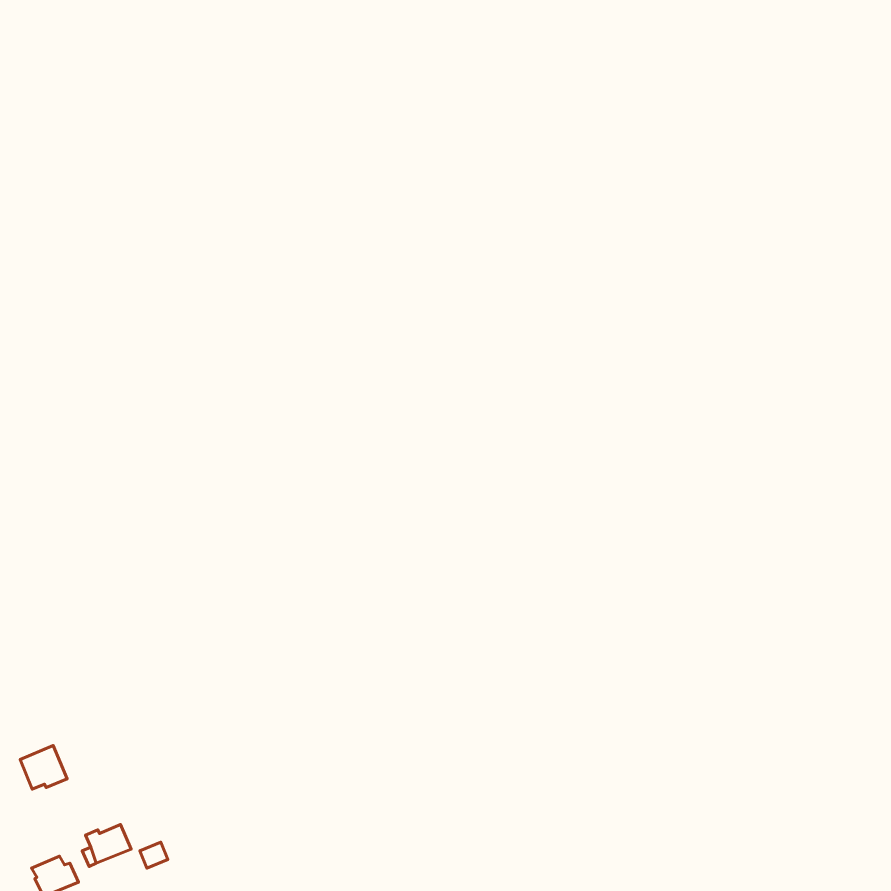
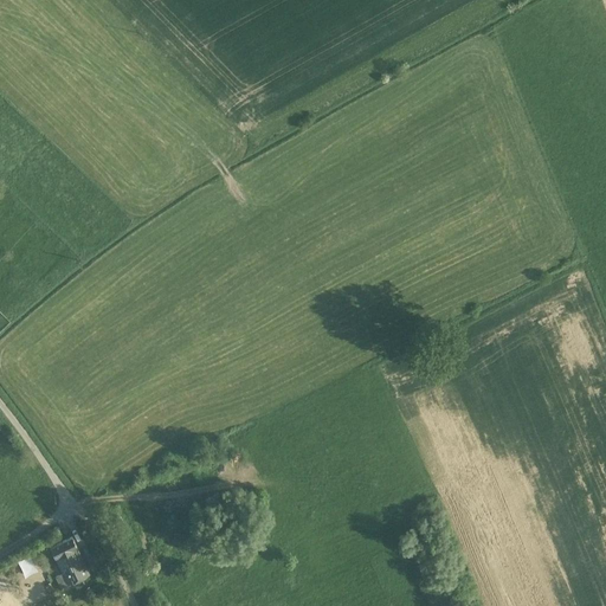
building: [20,746,67,789] -> [50,537,82,567]

